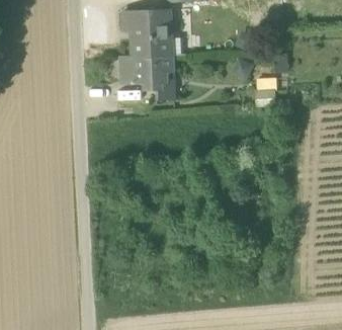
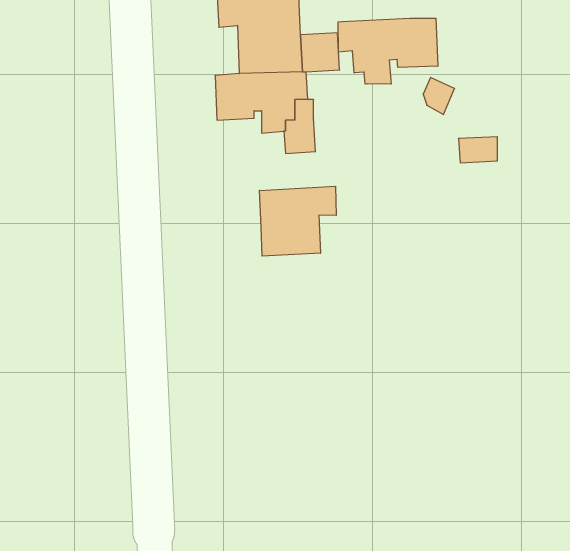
building: none -> [338,18,438,84]
building: none -> [260,186,336,256]

